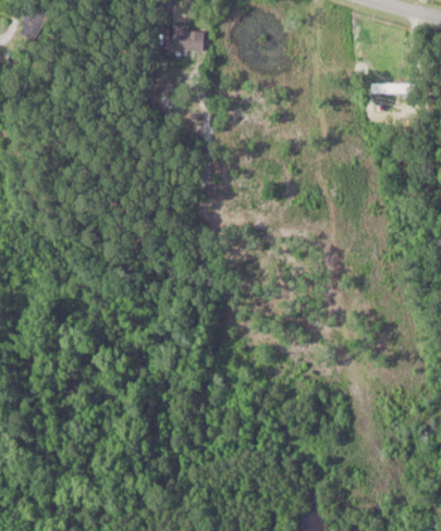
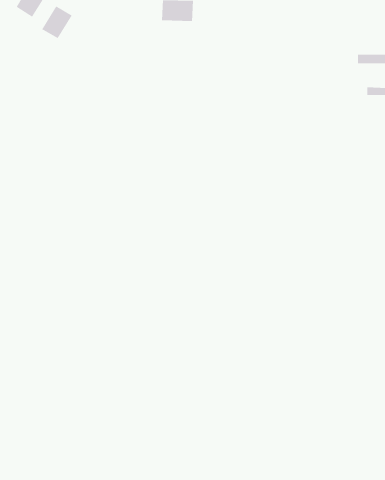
building: none -> [41,5,72,39]

